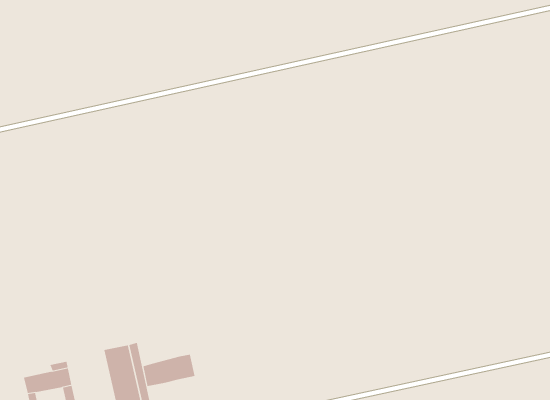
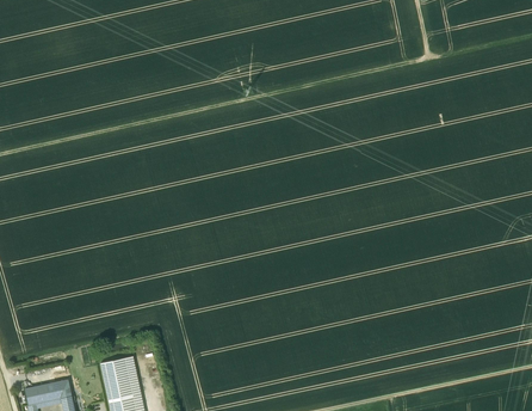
building: [143,354,195,387] -> none

